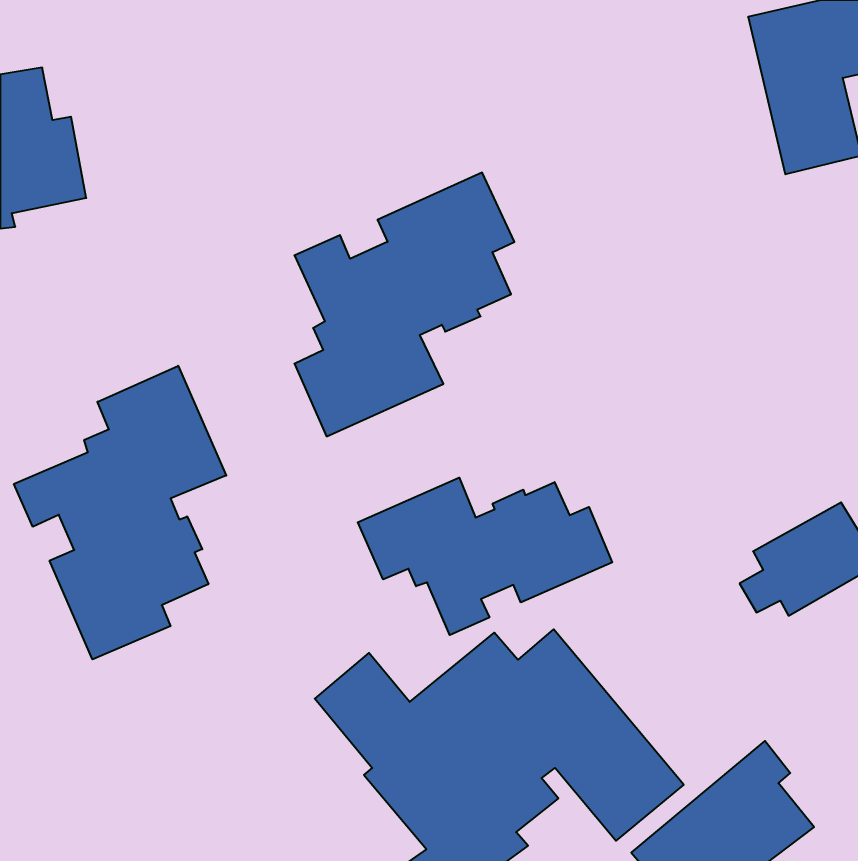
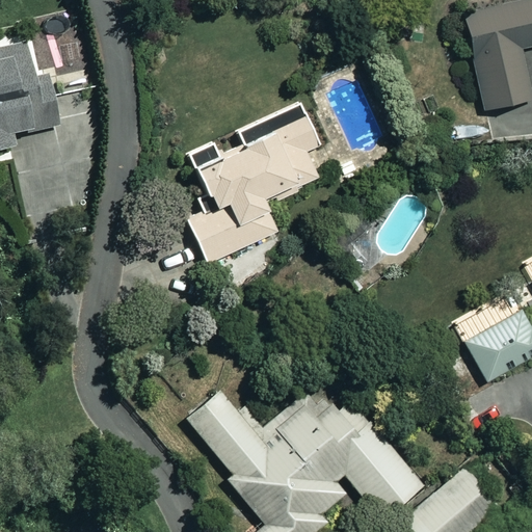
building: [14,366,226,659] -> none
building: [358,478,612,635] -> none

